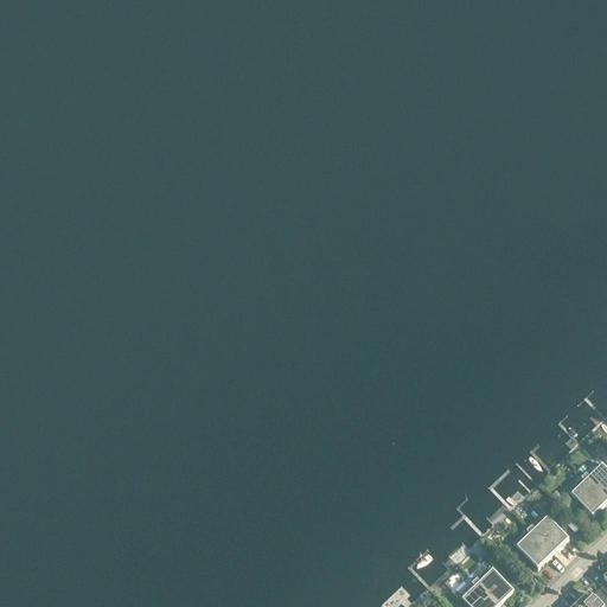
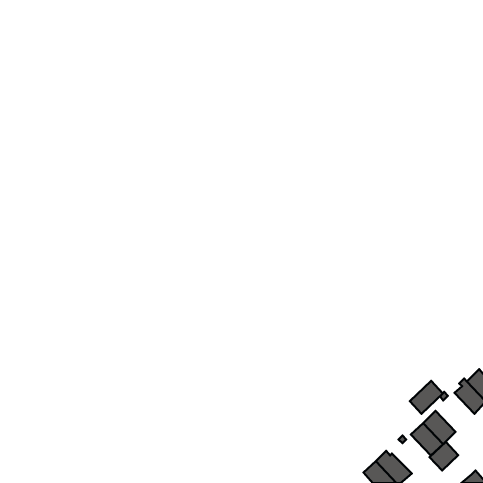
building: none -> [410,381,443,414]
building: none -> [430,442,458,471]

